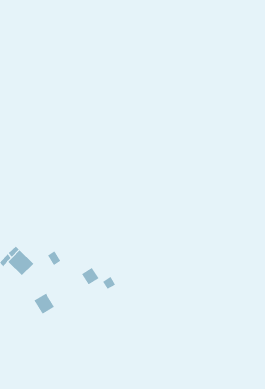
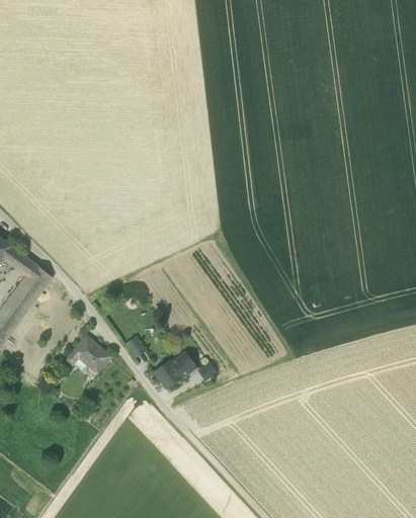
building: [34,293,55,314] -> [153,360,180,387]

